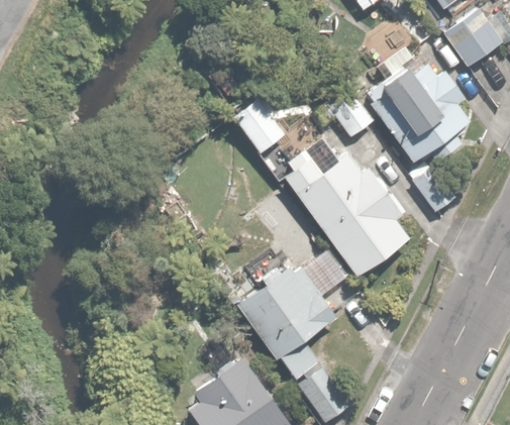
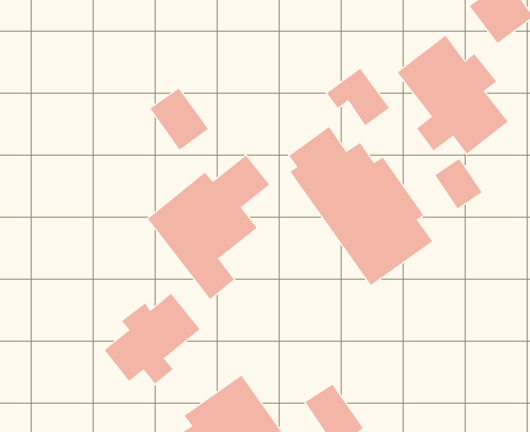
building: [232,99,285,154] -> [149,88,209,151]
building: [240,250,349,379] -> [147,155,270,300]
building: none -> [104,293,200,385]

